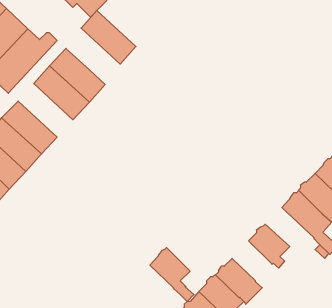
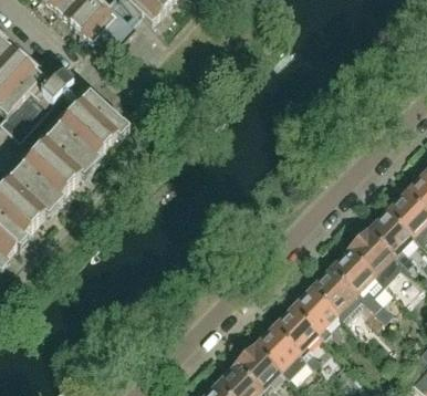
building: [81,10,136,64] -> [30,129,92,190]
building: none -> [310,270,365,324]
building: [150,248,194,301] -> [272,308,322,368]

